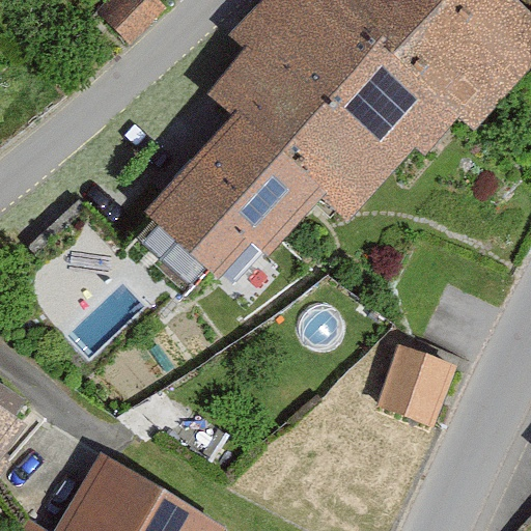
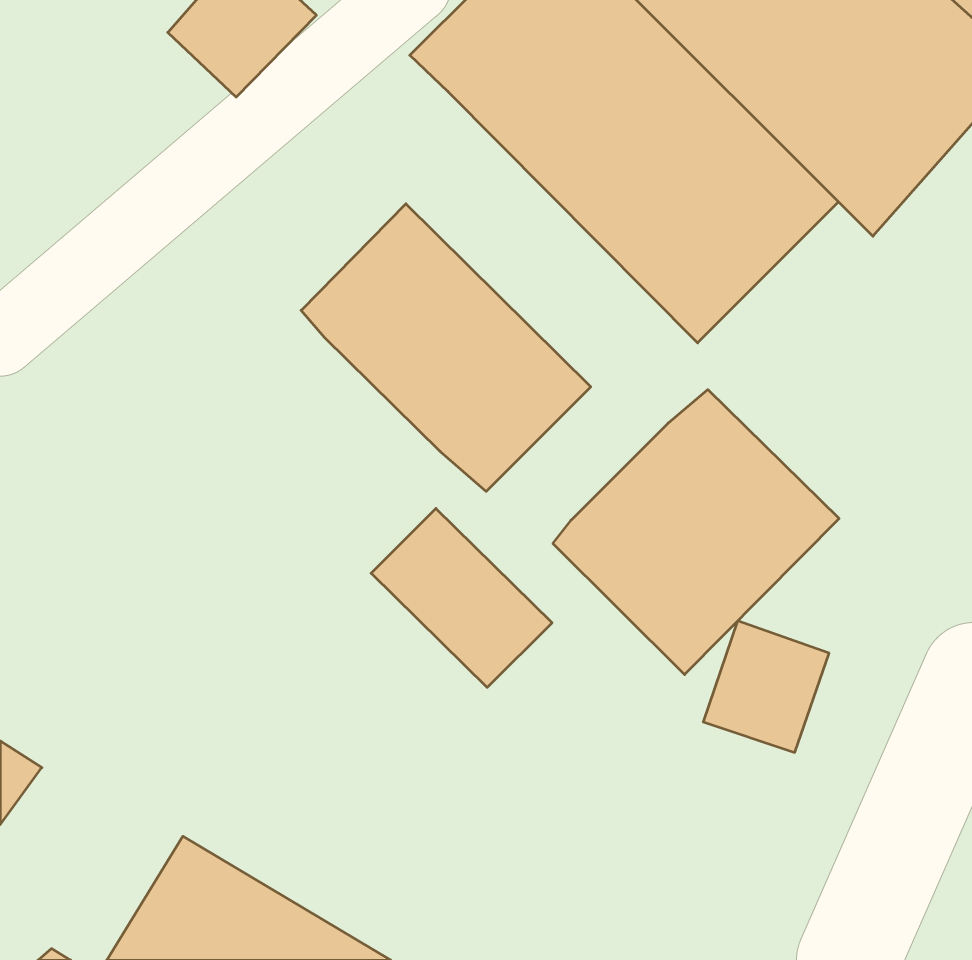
building: [203,50,381,228] -> none
building: [142,184,241,281] -> [371,508,552,687]
building: none -> [553,390,839,675]

